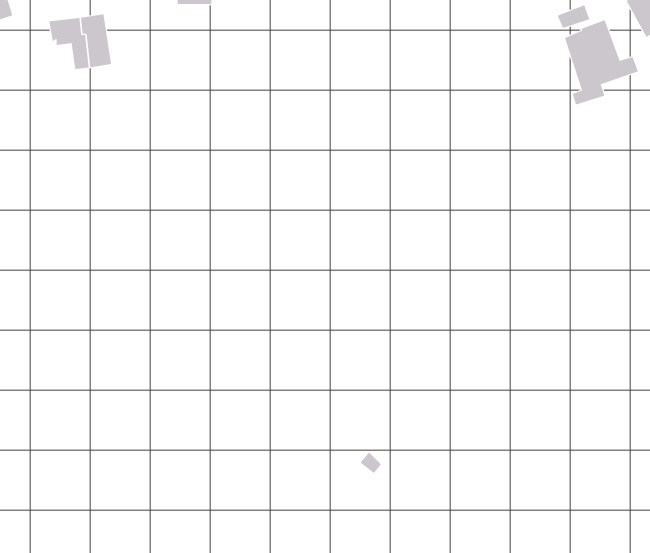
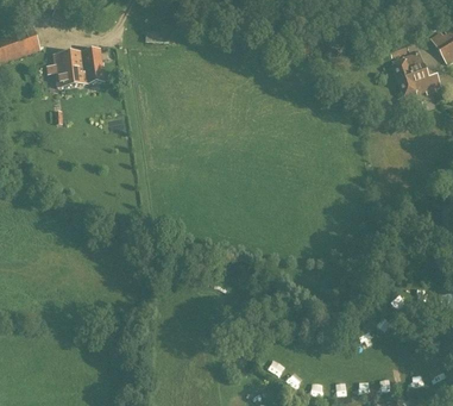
building: none -> [54,51,80,86]

